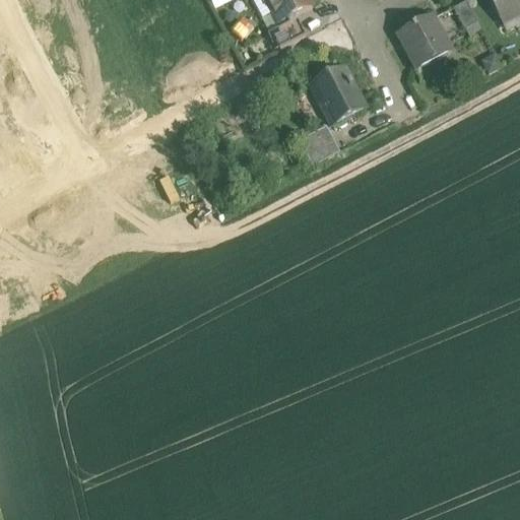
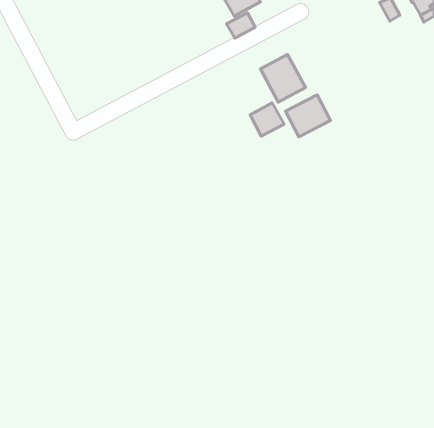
building: [398,12,450,63] -> none
building: none -> [285,95,331,137]

